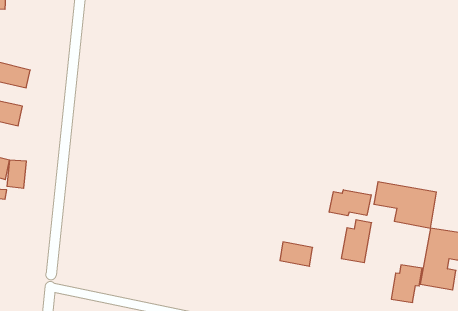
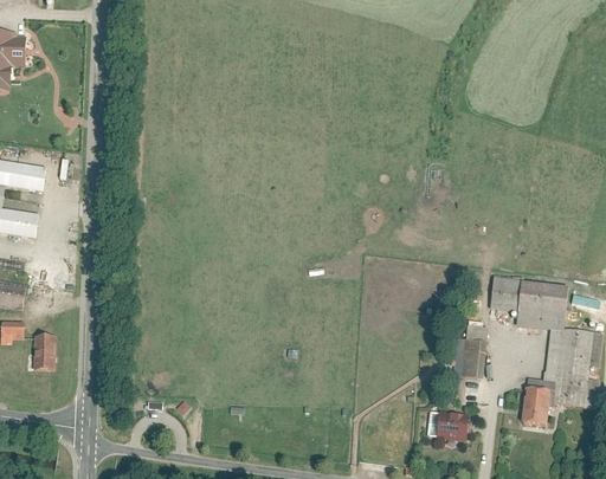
building: [7,160,26,188] -> [32,332,54,367]
building: [329,190,371,216] -> none
building: [280,242,313,266] -> [428,409,469,438]

